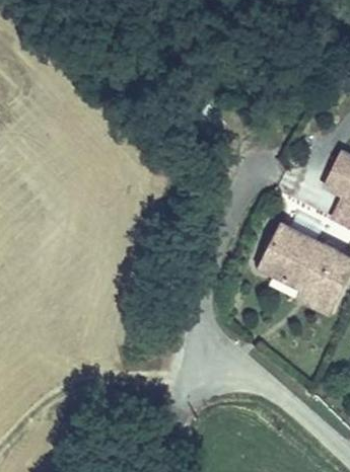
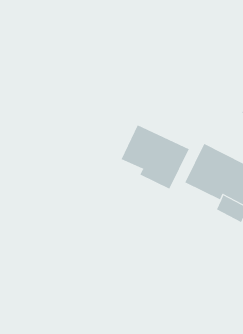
building: none -> [121,125,189,190]

